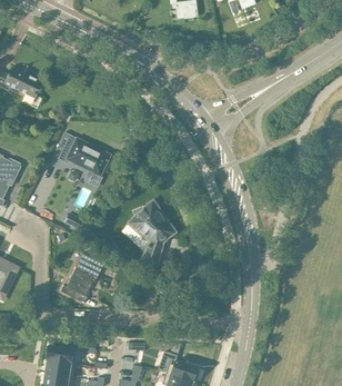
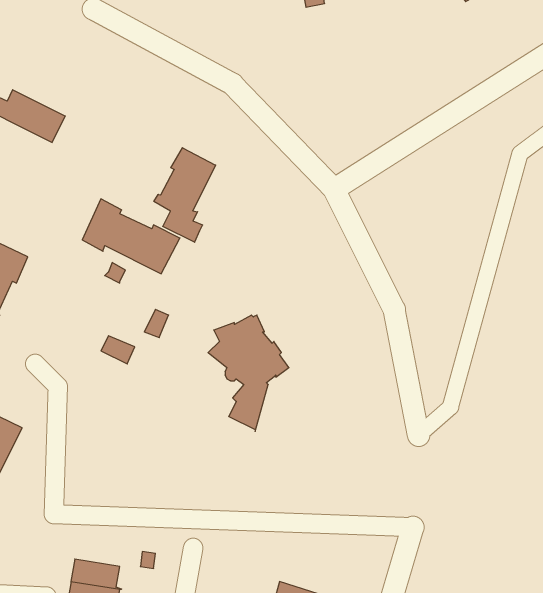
building: none -> [154,148,216,242]
building: [60,254,103,304] -> none

